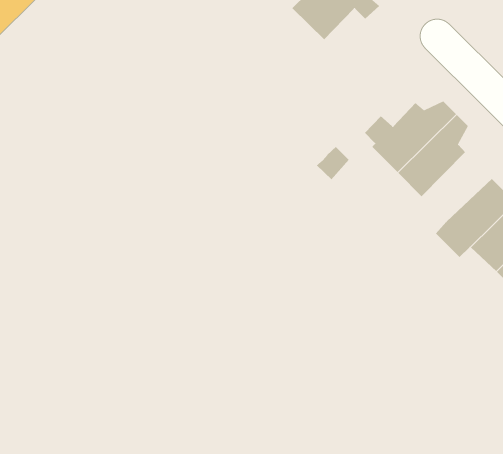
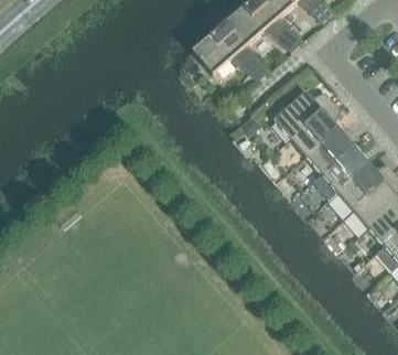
building: none -> [190,21,251,72]
building: none -> [304,127,353,173]

